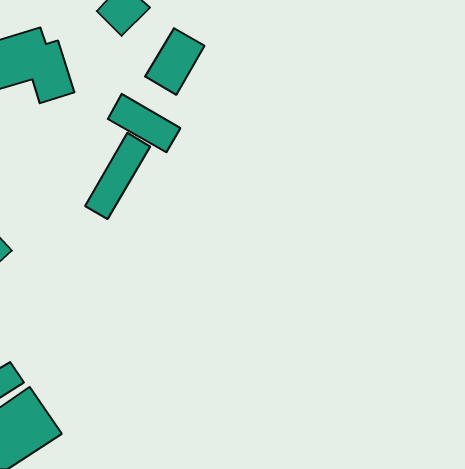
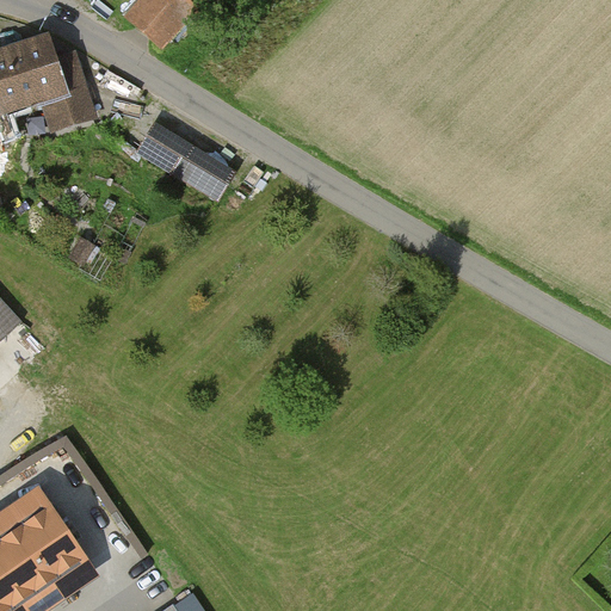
building: [145,28,204,95] -> none
building: [85,133,150,219] -> none

